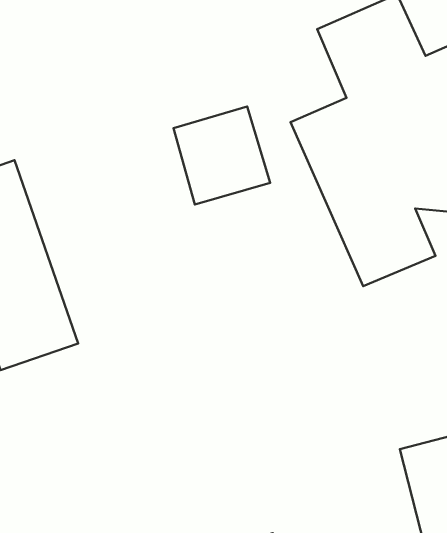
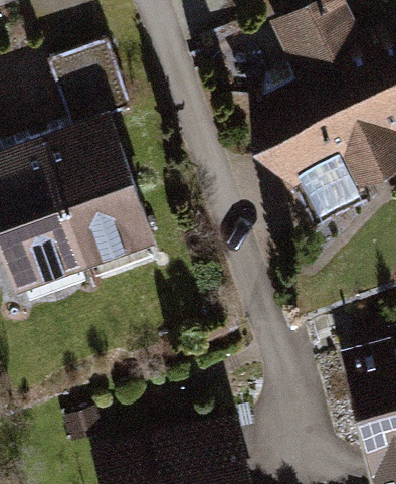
building: [173,106,270,204] -> [55,40,132,118]
building: none -> [34,115,150,284]

